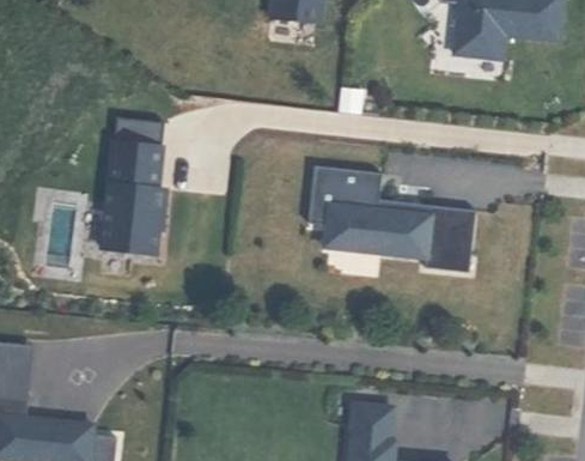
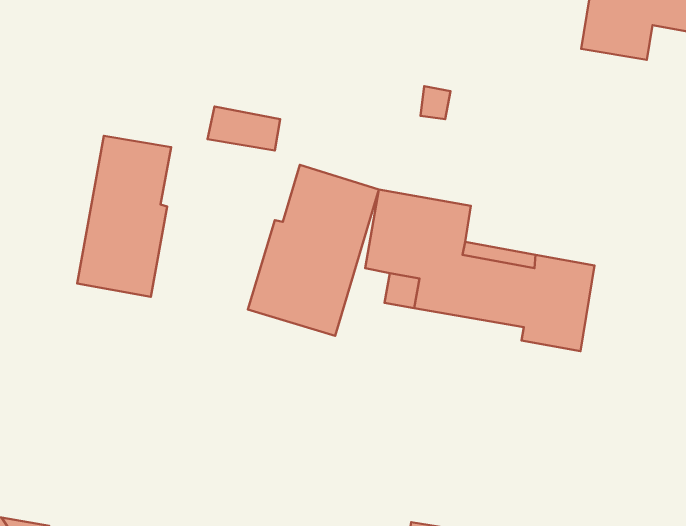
building: [114,117,165,146] -> [207,107,280,151]
building: none -> [248,165,379,336]

